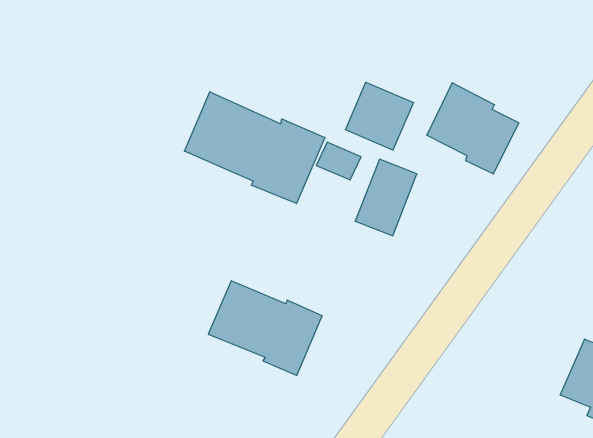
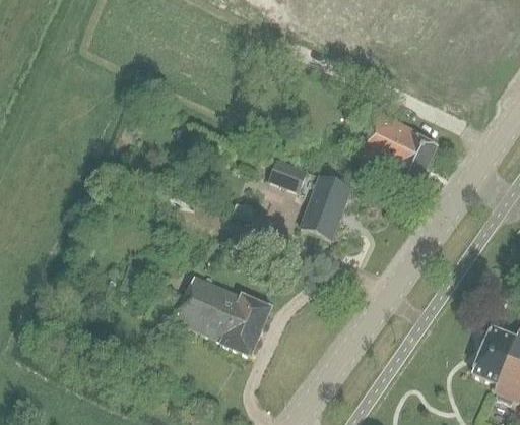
building: [345,82,414,150] -> none
building: [184,92,325,204] -> none

